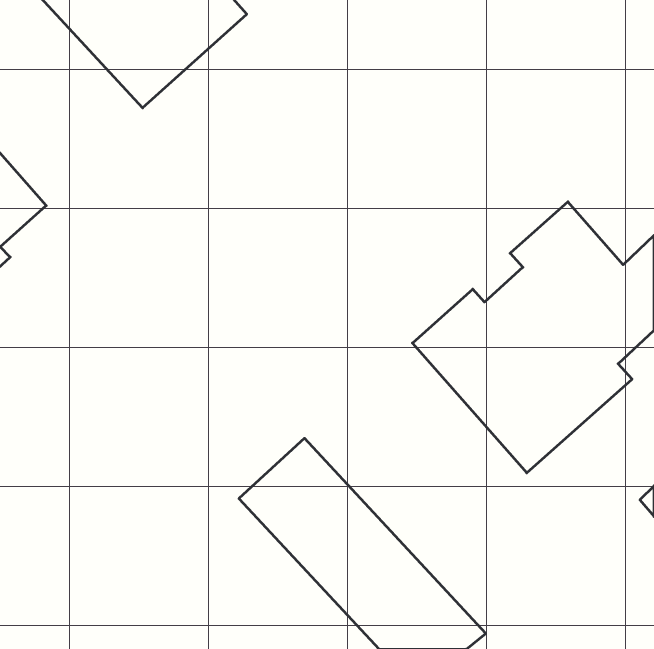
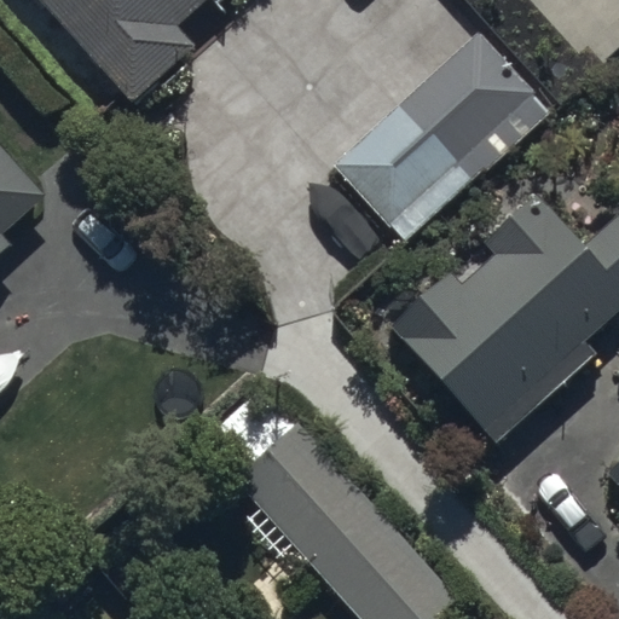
building: none -> [332,35,548,239]

